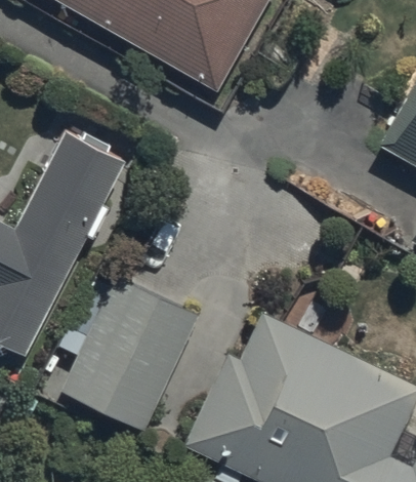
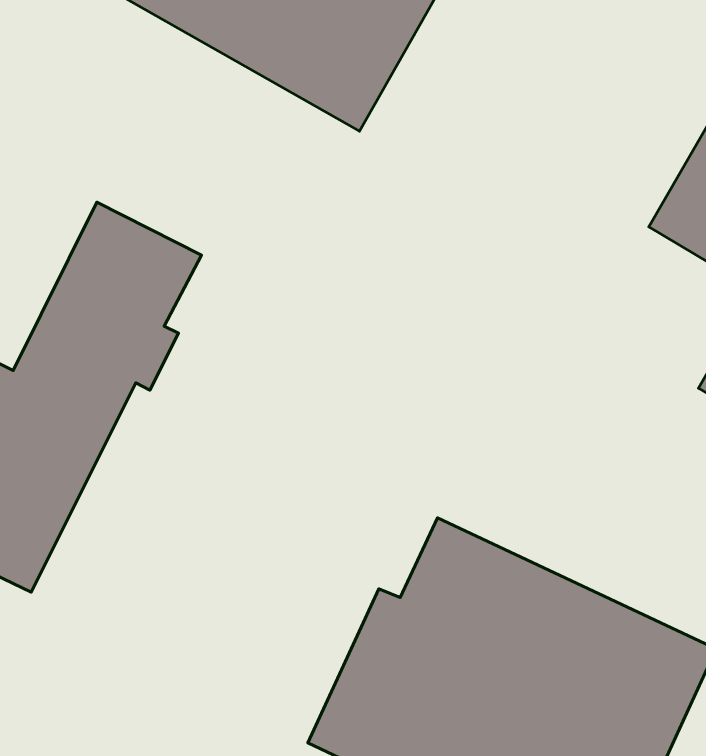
building: [55,279,197,432] -> none

